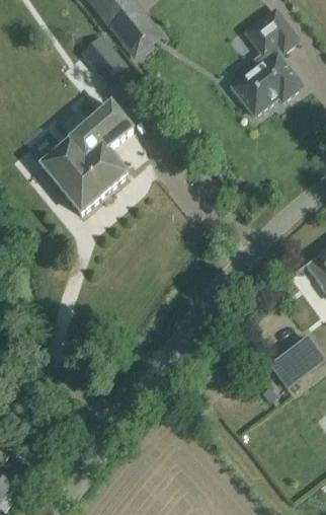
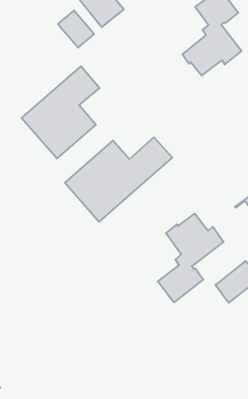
building: none -> [65,137,172,222]
building: none -> [158,214,224,302]

